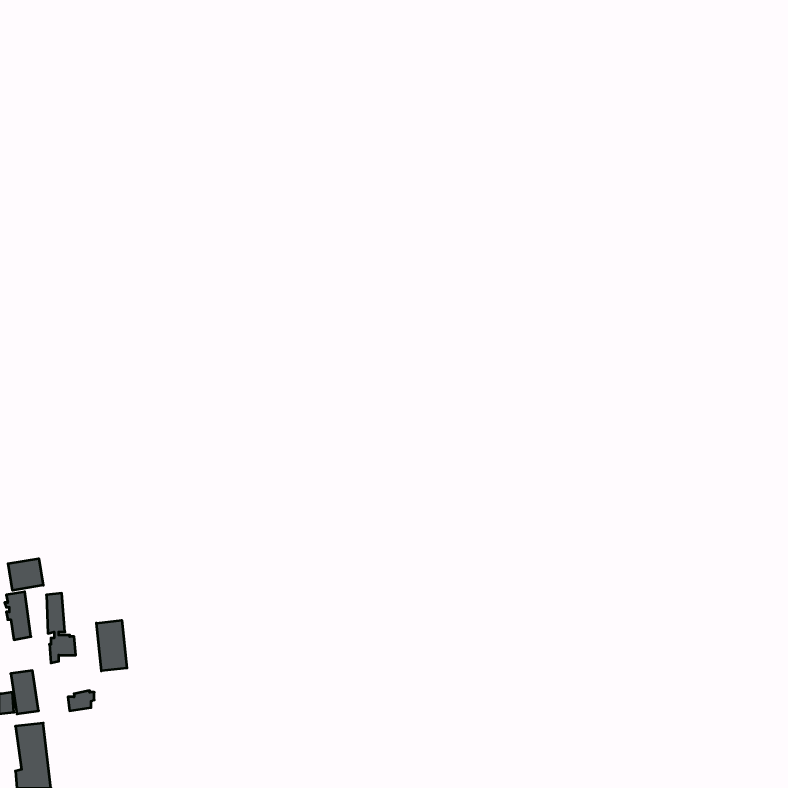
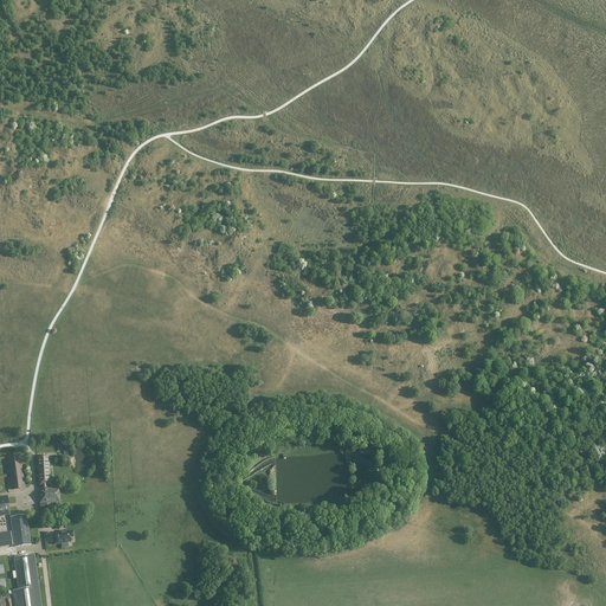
building: [8,559,43,590] -> none
building: [96,620,127,671] -> none

